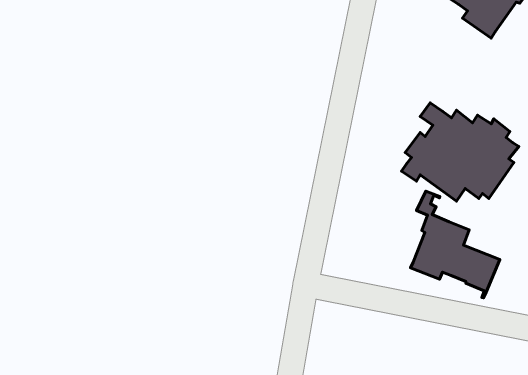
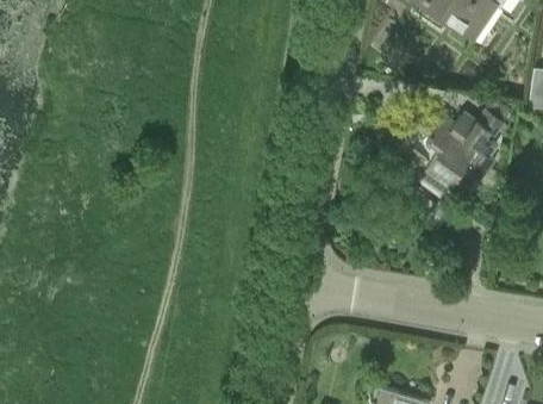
building: [411,191,500,298] -> none

